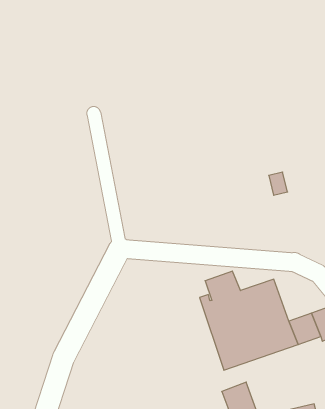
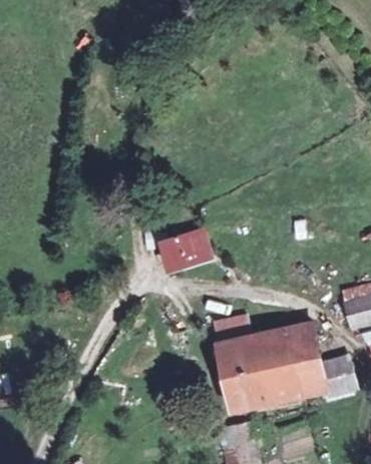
building: none -> [159,230,210,267]
building: none -> [287,322,321,371]

